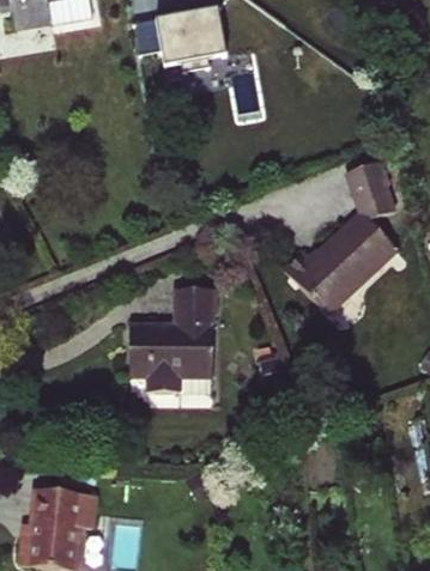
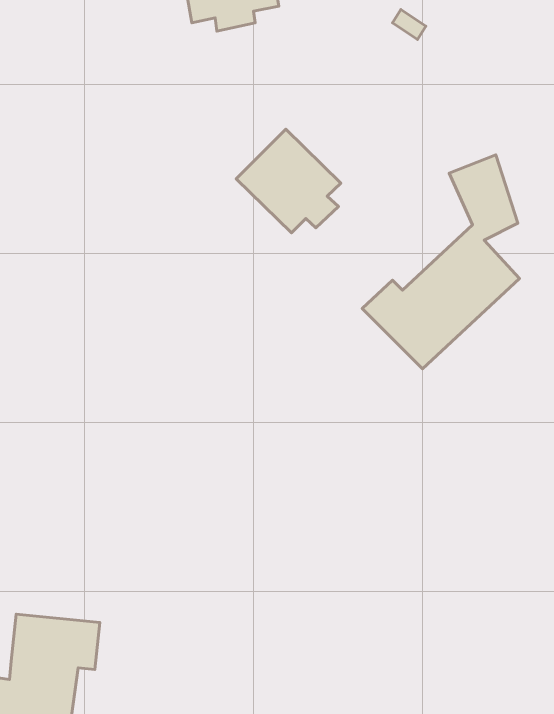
building: none -> [236,129,341,233]
building: [128,287,212,390] -> none

